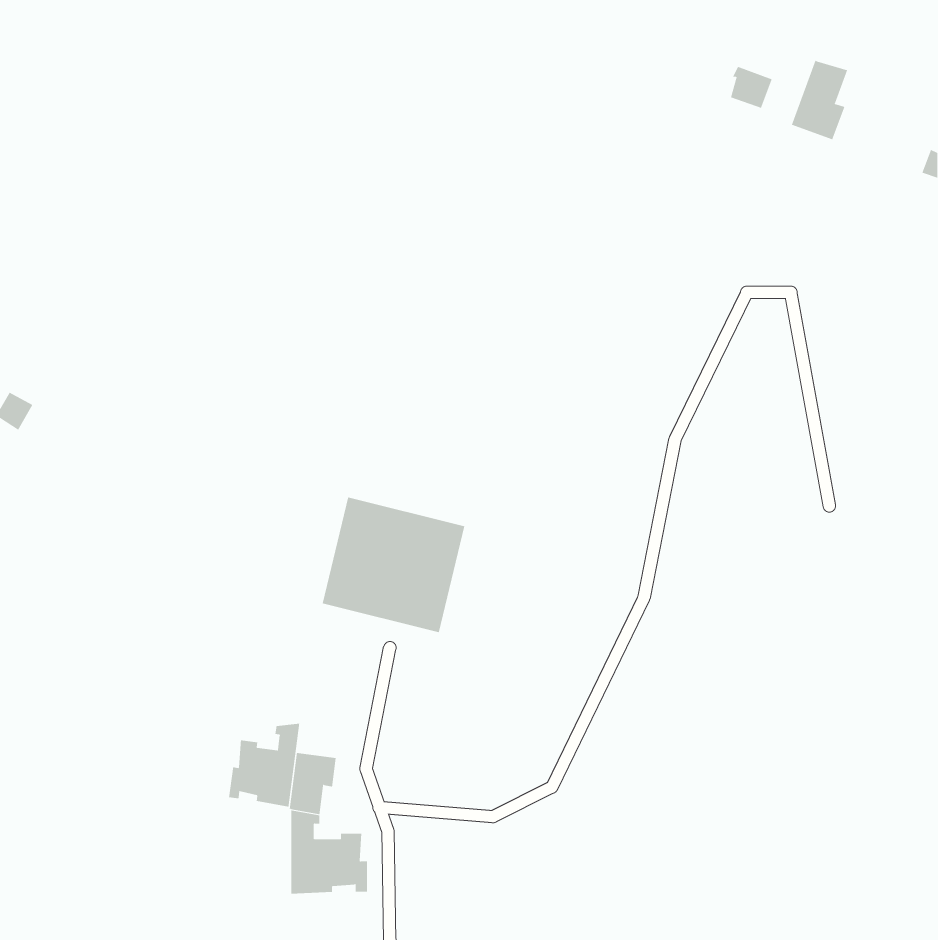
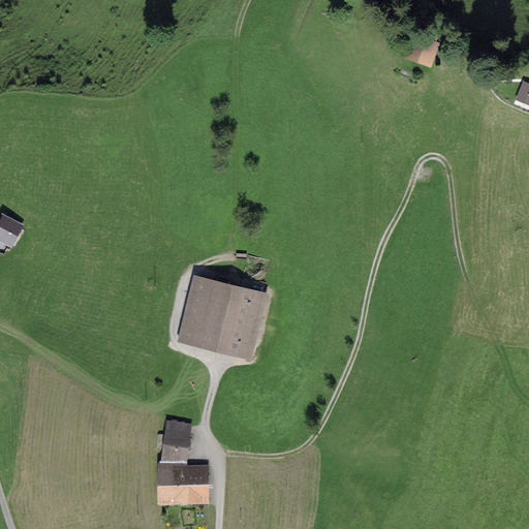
building: [791,60,848,140] -> none
building: [229,723,300,808] -> none

